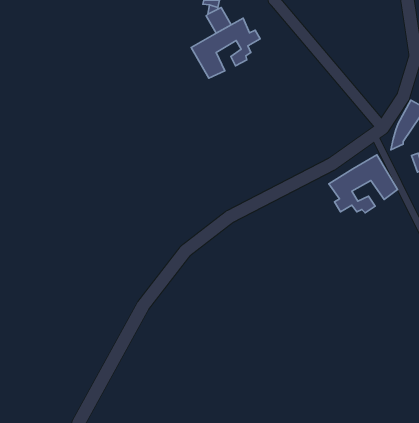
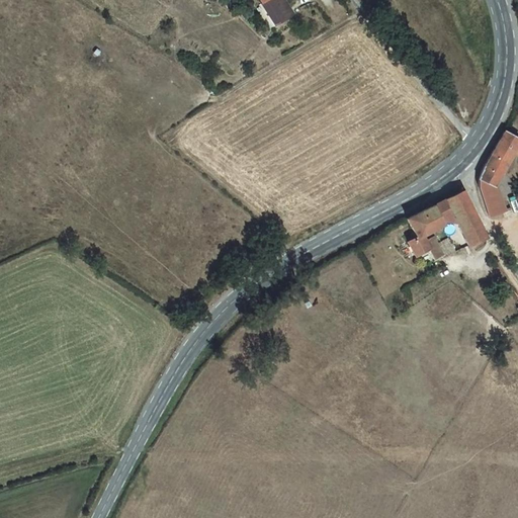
building: [191,18,260,78] -> none
building: none -> [483,176,509,206]

